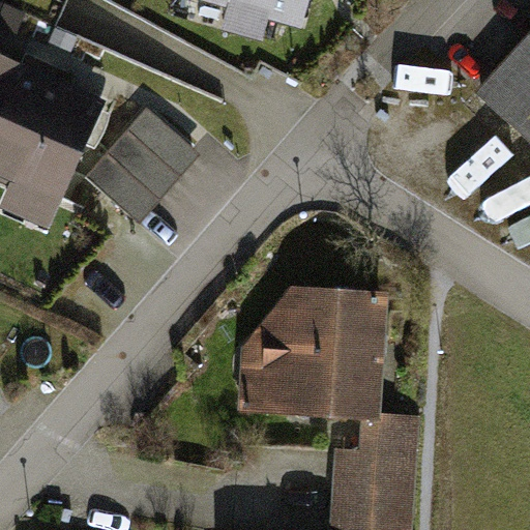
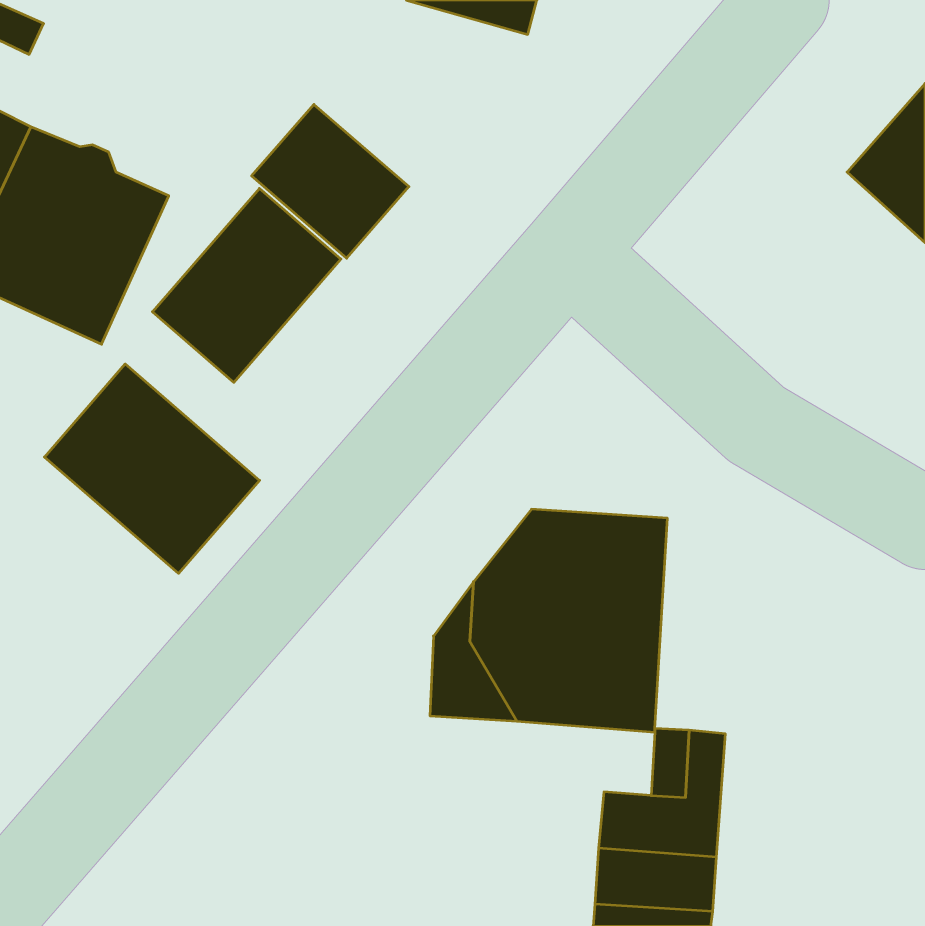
building: none -> [252,104,409,258]
building: none -> [44,364,260,573]

